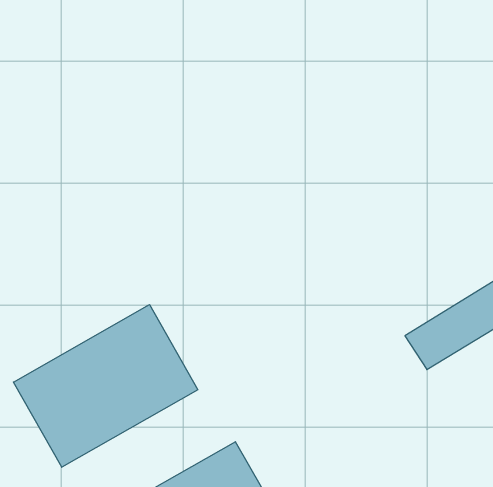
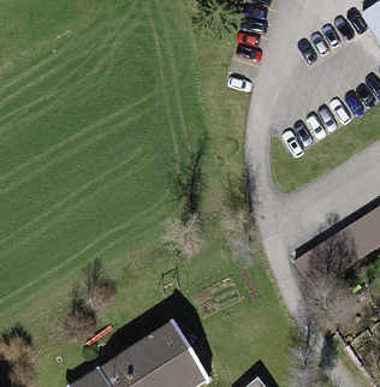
building: [13,305,198,467] -> none

